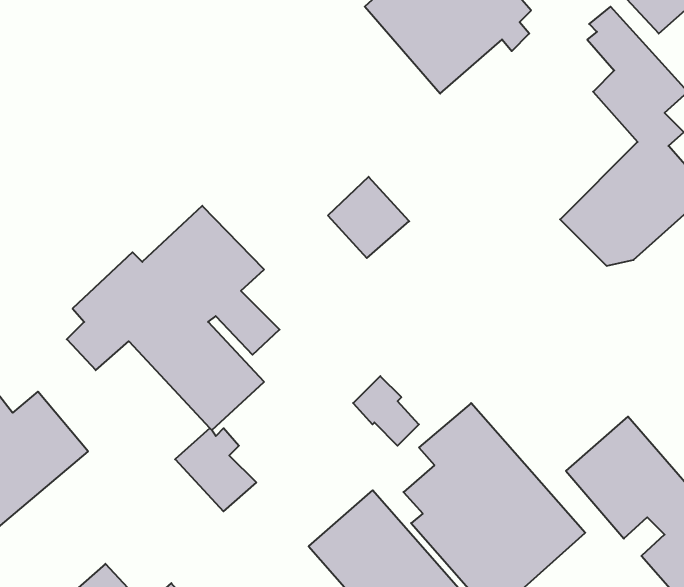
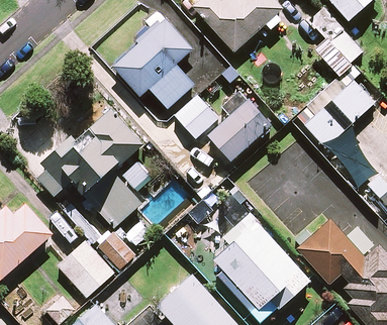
building: none -> [113,9,194,109]
building: none -> [208,89,271,160]
building: none -> [58,241,113,297]

